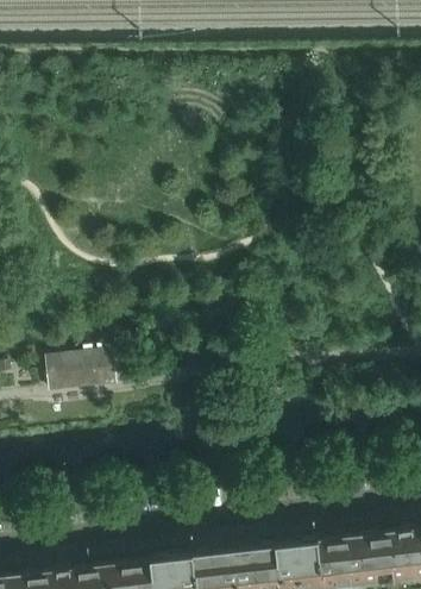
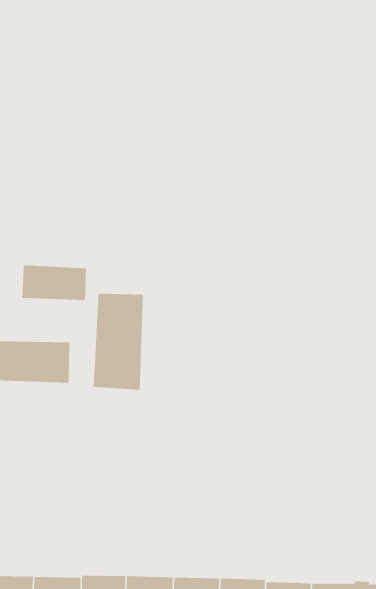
building: none -> [22,264,86,301]
building: none -> [93,293,143,390]

